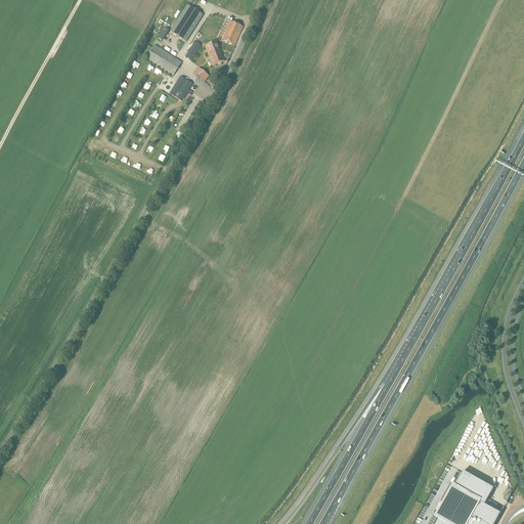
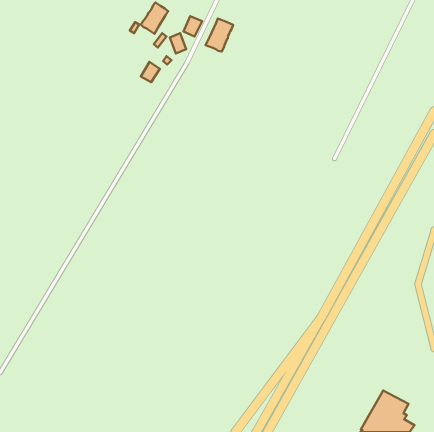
building: none -> [206,19,233,51]
building: [145,43,182,75] -> none

